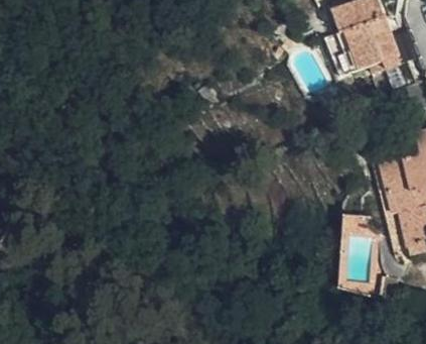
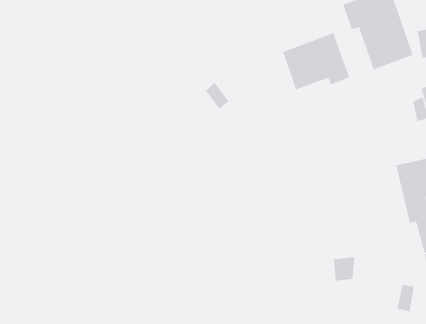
building: none -> [282,33,350,90]

